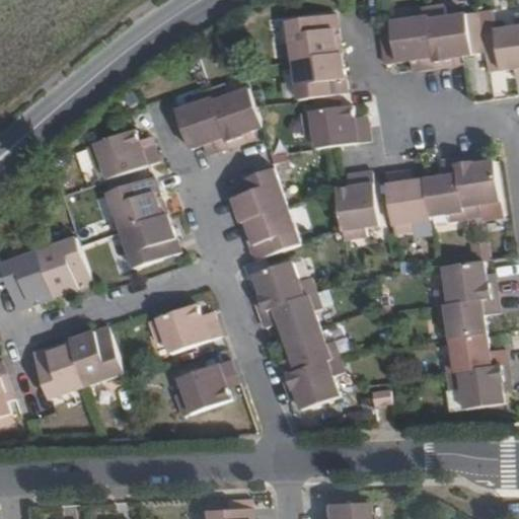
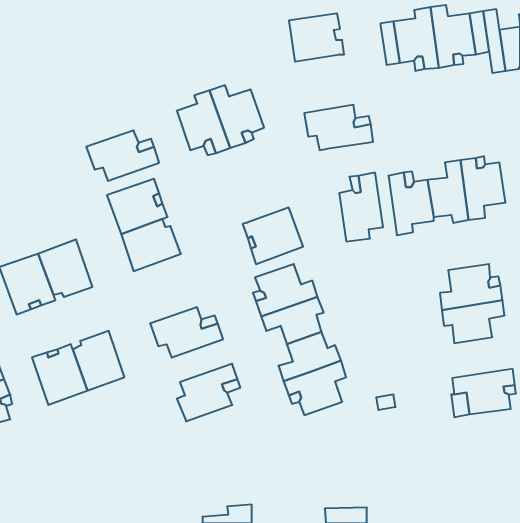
building: [291,54,346,99] -> none
building: [226,168,285,220] -> none
building: [443,332,506,373] -> none

